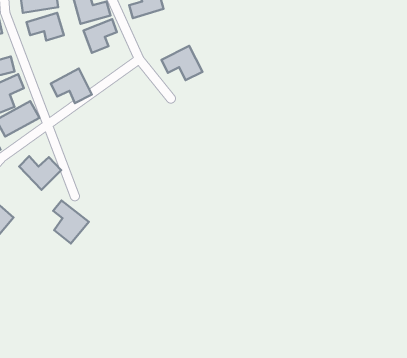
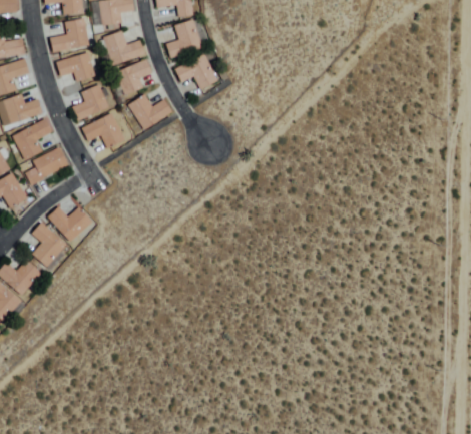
building: none -> [72,84,109,121]
building: [161,46,202,80] -> [174,53,218,90]
building: none -> [128,94,172,130]
building: [53,200,89,243] -> [31,223,69,269]

